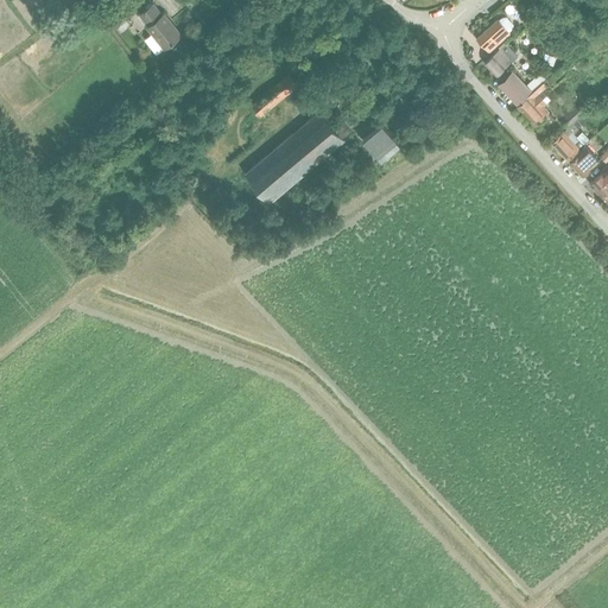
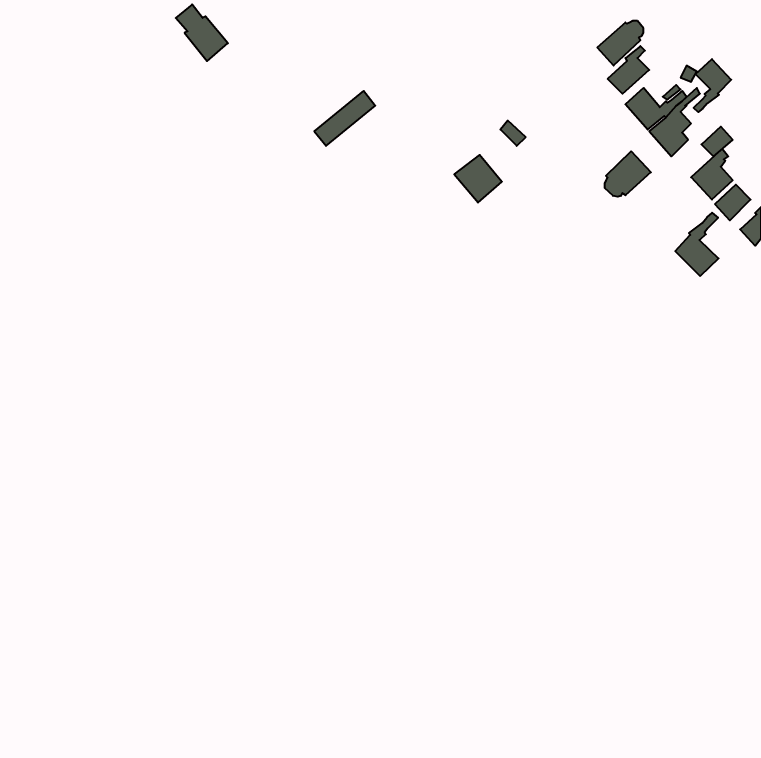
building: none -> [694,59,731,112]
building: [246,112,344,204] -> none
building: none -> [605,151,651,197]
building: none -> [675,213,719,276]

